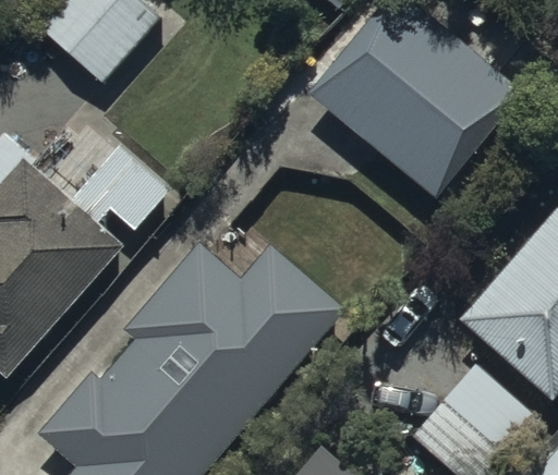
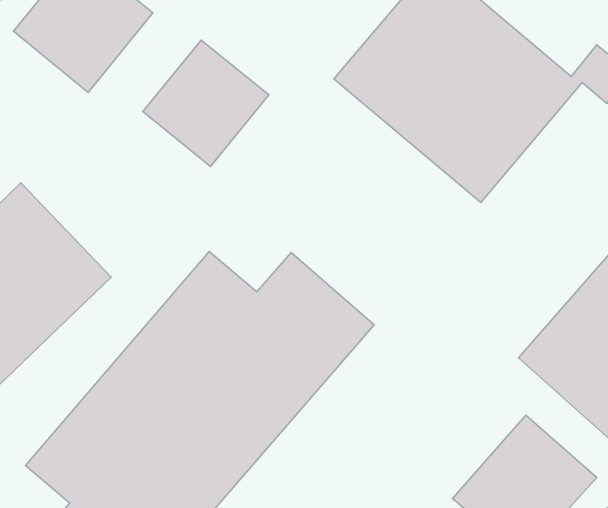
building: none -> [143,40,269,166]

